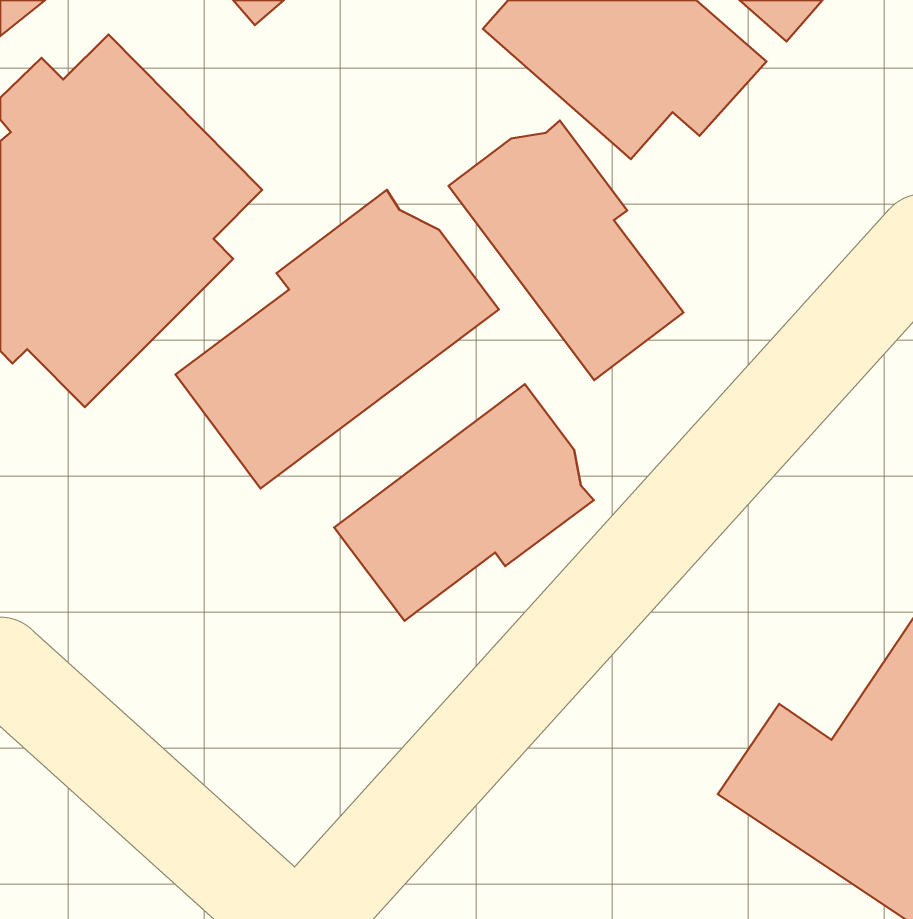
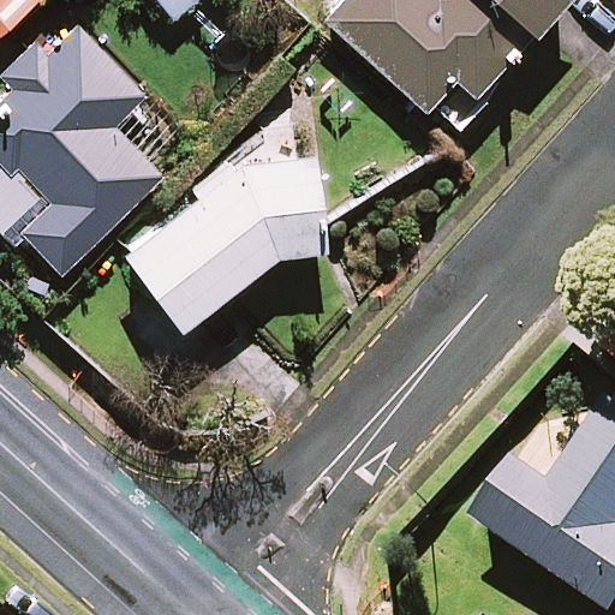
building: [448,120,684,380] -> none
building: [334,384,594,621] -> none

